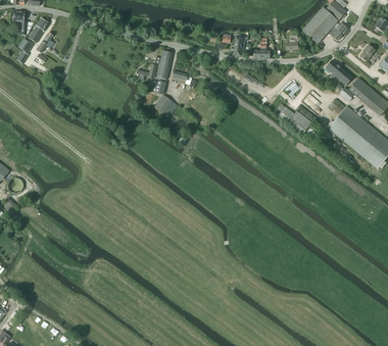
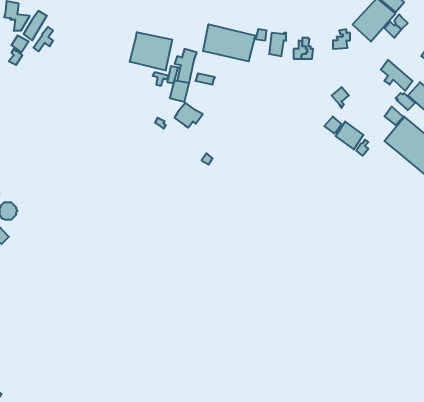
building: none -> [203,24,255,61]
building: none -> [130,32,172,71]

